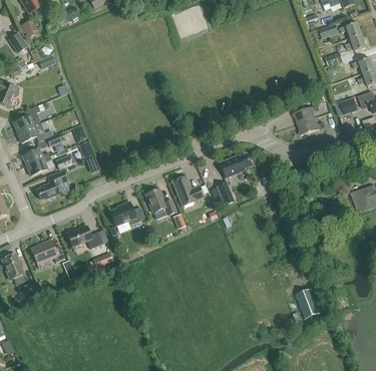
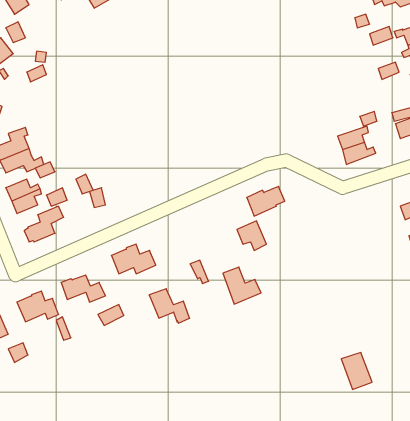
building: [171,175,203,206] -> [223,267,261,304]
building: [143,188,176,216] -> [149,289,190,323]

